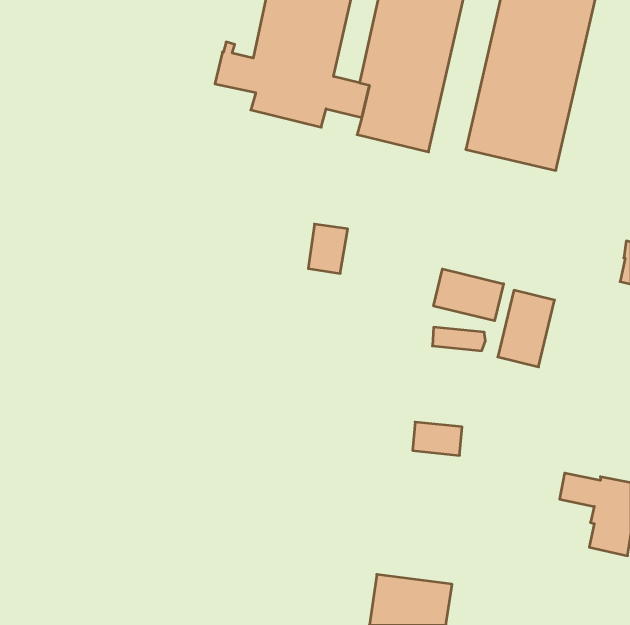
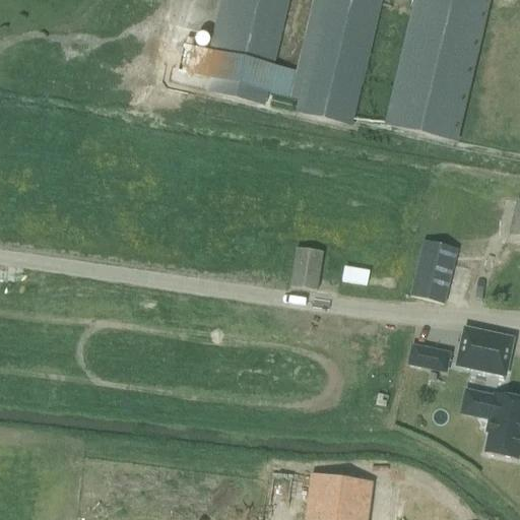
building: [308,224,348,273] -> [290,247,323,287]
building: [434,269,504,321] -> none
building: none -> [457,327,513,373]
building: [413,422,462,455] -> [408,342,449,370]

